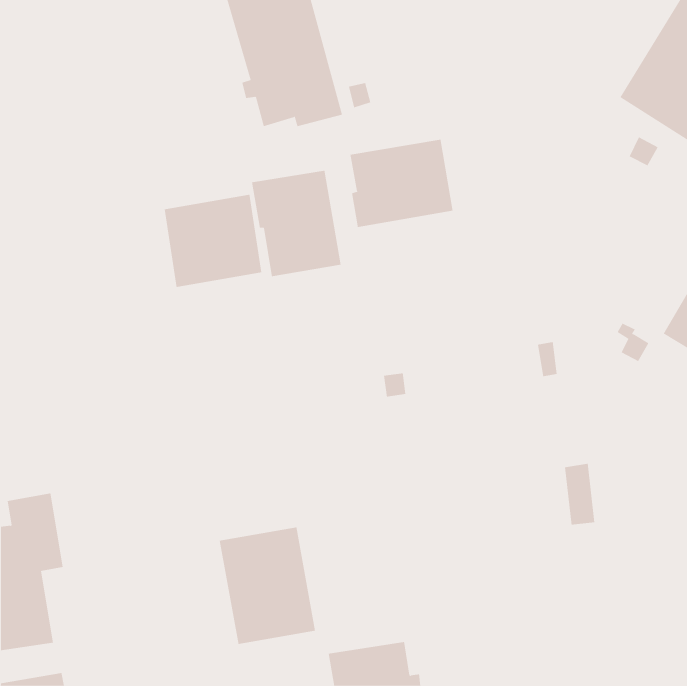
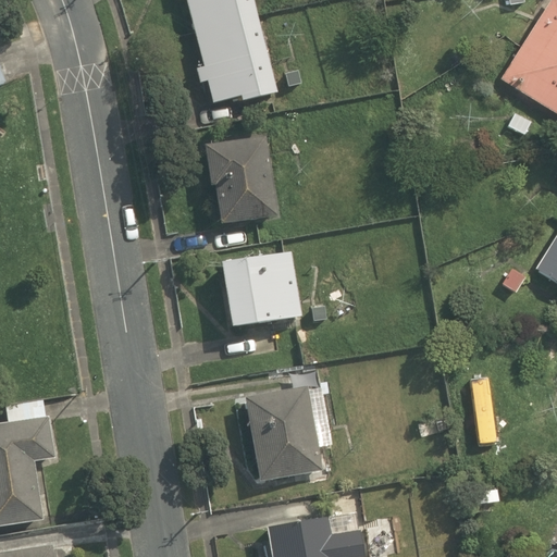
building: [350,139,453,228] -> none
building: [164,194,262,287] -> [223,251,302,326]
building: [219,527,316,644] -> [246,386,324,481]

